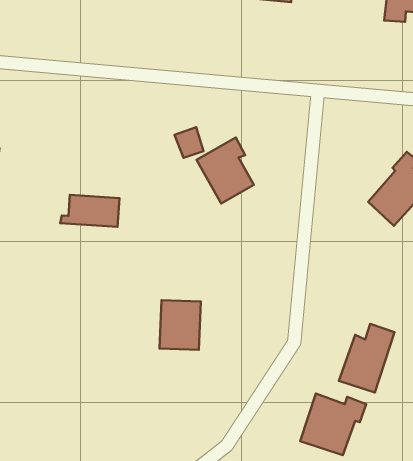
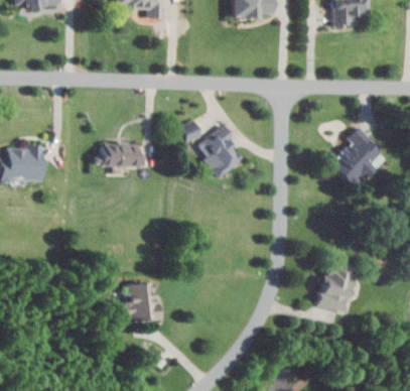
building: [60,195,120,227] -> [94,143,138,165]
building: [160,300,201,350] -> [124,282,155,320]
building: [300,394,366,455] -> none

